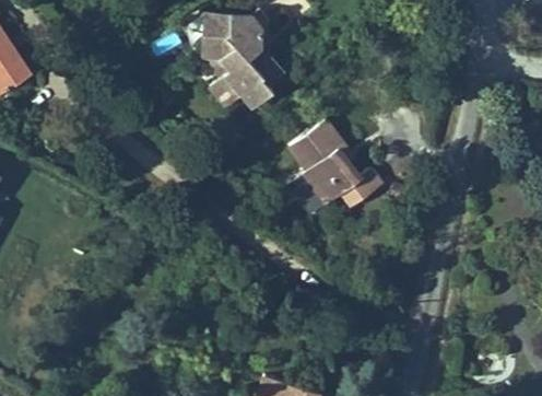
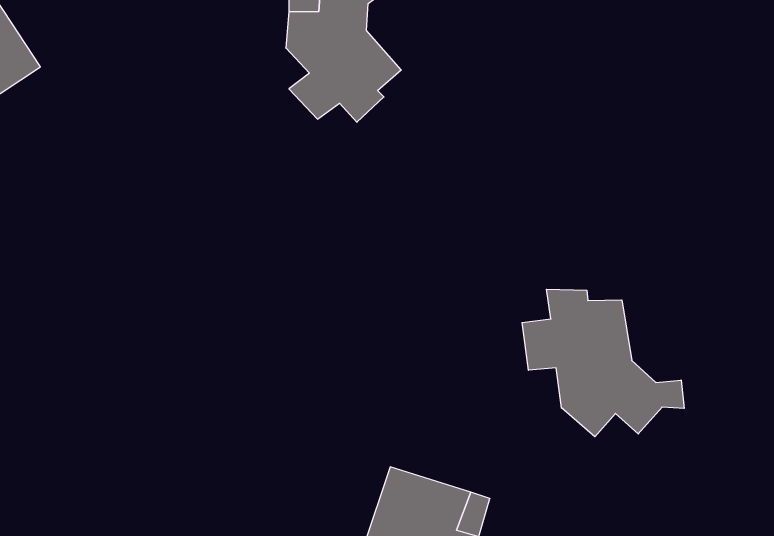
building: [287,120,380,210] -> none
building: none -> [522,289,684,437]

